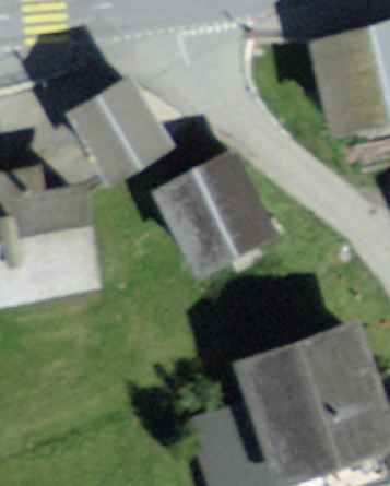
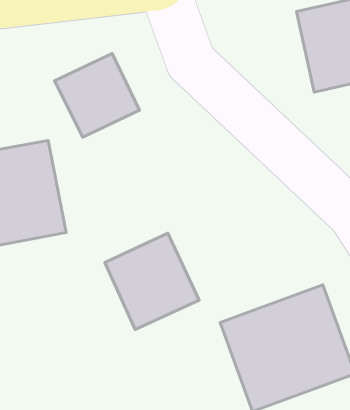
building: [170,167,269,268] -> [105,233,199,329]

